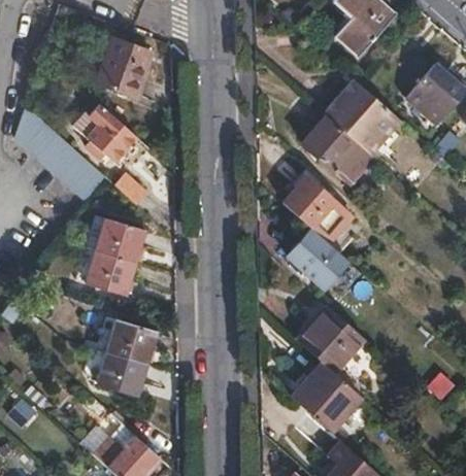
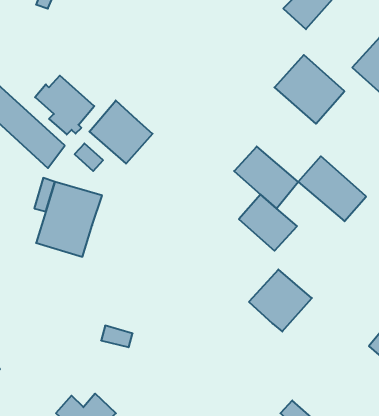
building: [97,38,149,96] -> none
building: [301,116,372,184] -> [298,156,366,221]
building: none -> [89,100,153,164]
building: [91,316,157,397] -> none
building: [292,364,362,433] -> none

